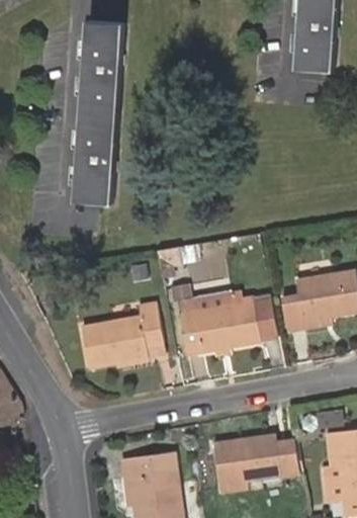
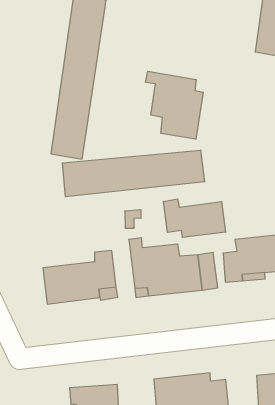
building: none -> [146,71,203,139]
building: none -> [62,150,204,197]
building: none -> [163,199,226,238]

